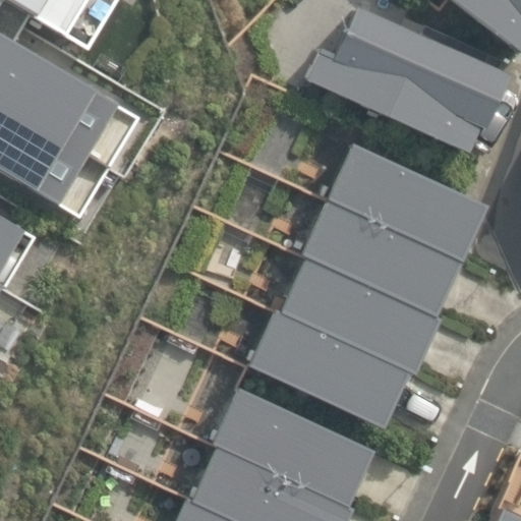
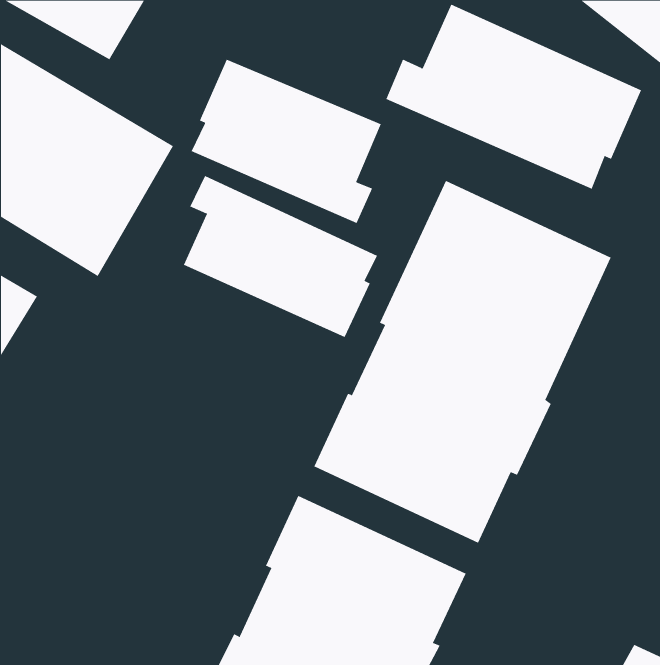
building: none -> [191,59,381,224]
building: none -> [183,175,378,338]

